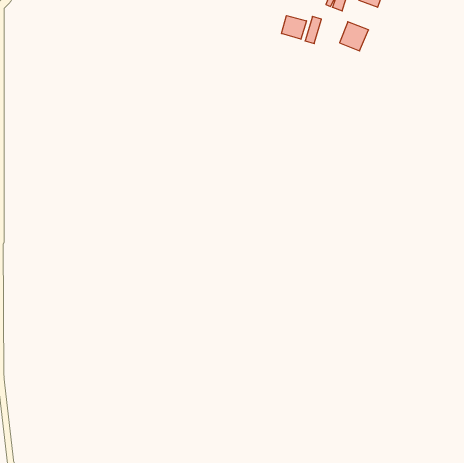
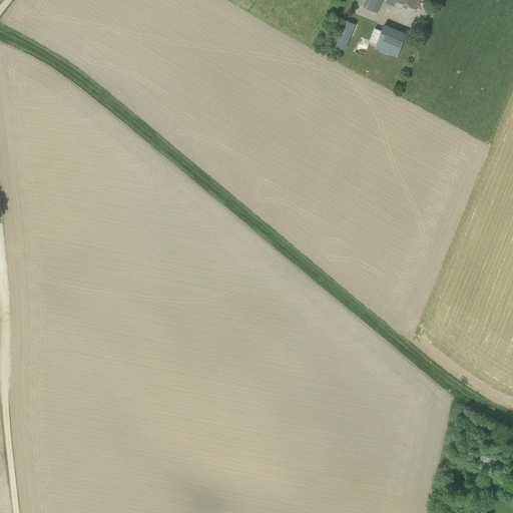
building: [282,16,306,39] -> none

